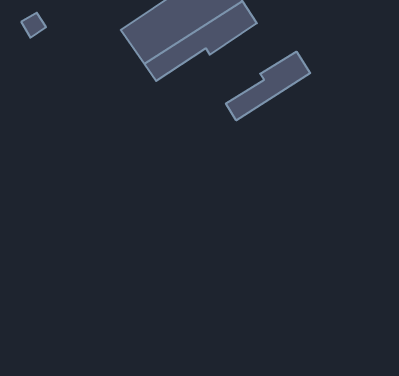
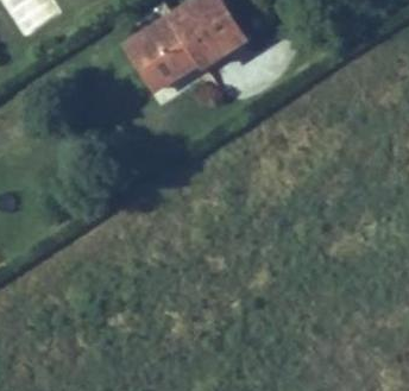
building: [226,52,310,120] -> none

